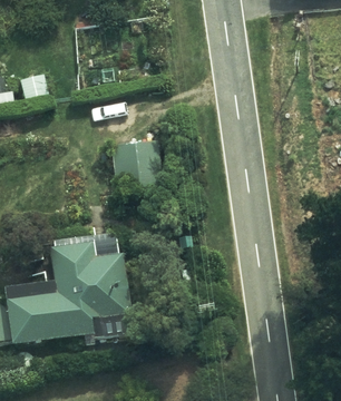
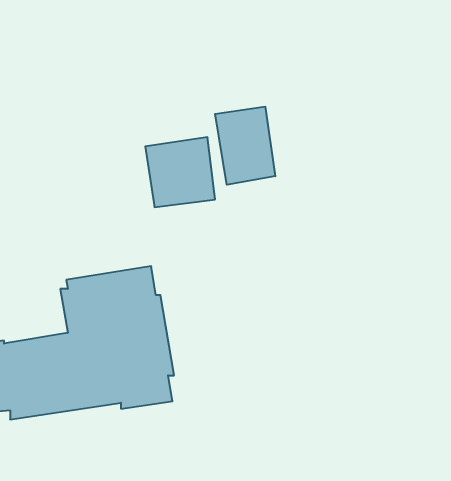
building: none -> [215,107,275,185]

